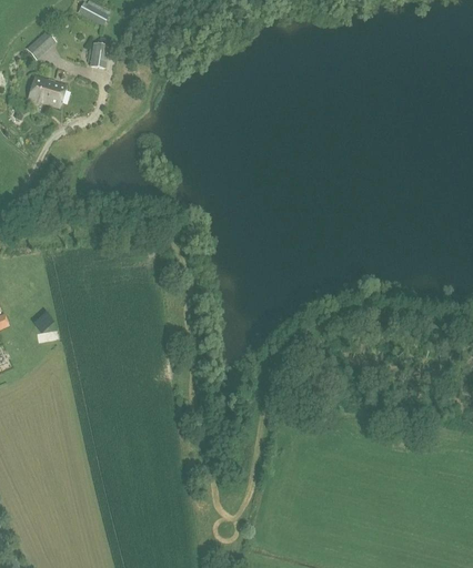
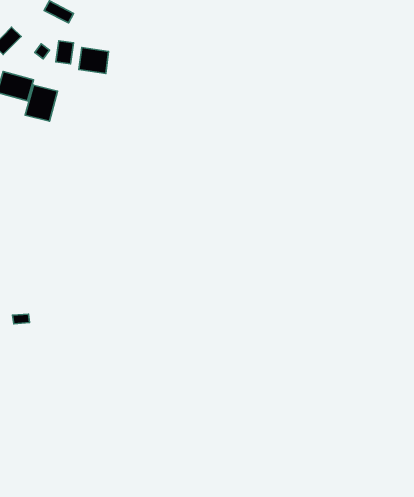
building: none -> [79,47,109,74]
building: none -> [25,85,58,121]

